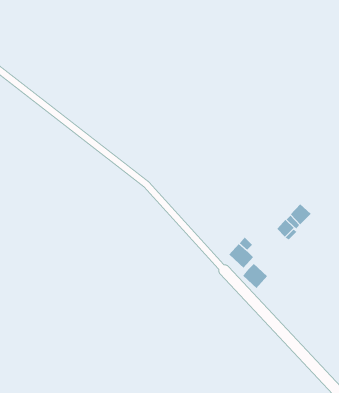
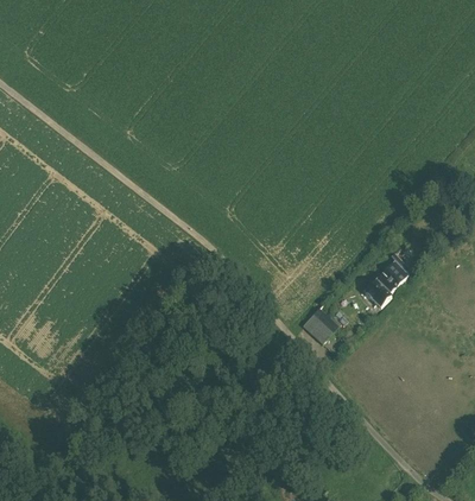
building: [242,263,268,289] -> none

